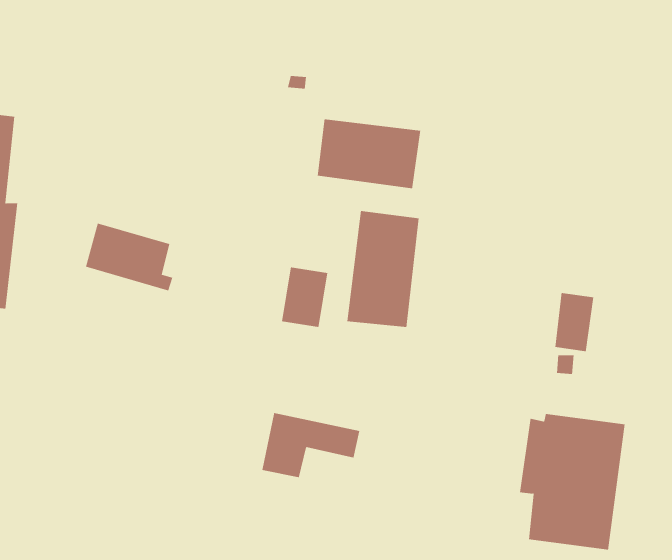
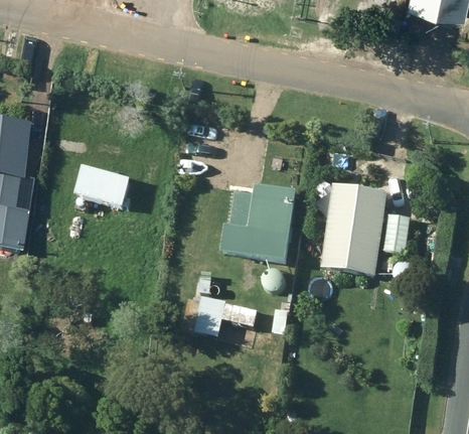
building: [317,118,421,189] -> none
building: [519,414,626,550] -> [320,196,390,287]

